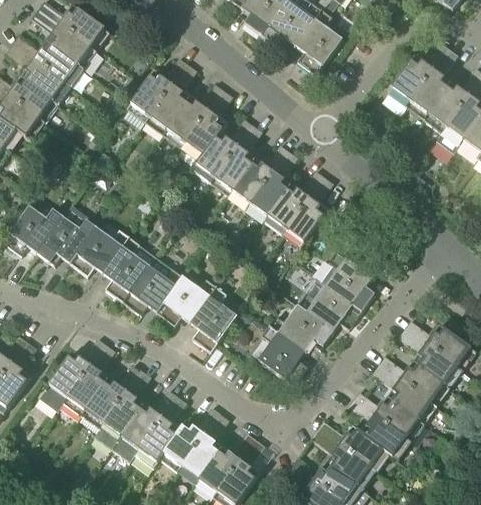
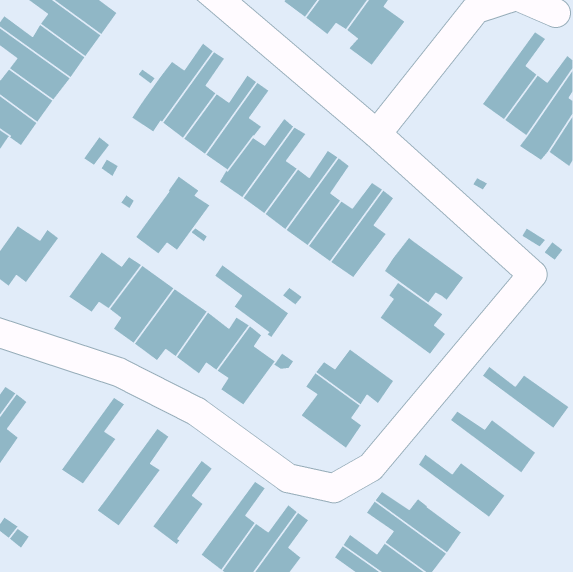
building: [381,41,447,115] -> none
building: [35,202,96,266] -> [135,176,210,255]
building: none -> [214,264,289,338]
building: [297,277,362,331] -> [384,237,464,303]
building: [396,327,462,389] -> none
building: [37,337,106,411] -> none
building: [81,363,141,428] -> none
building: [371,363,436,424] -> none
building: [110,389,177,462] -> none
building: [345,399,410,462] -> none
building: [158,406,220,472] -> none

